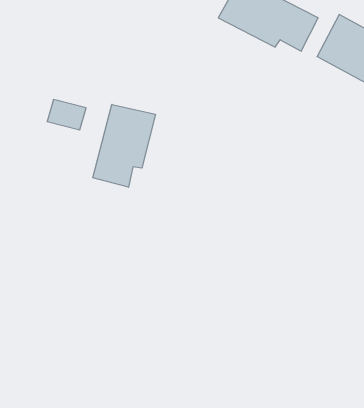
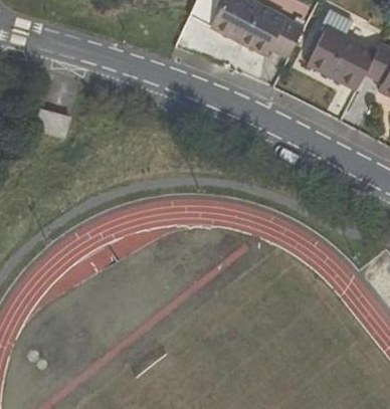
building: [93,104,155,187] -> none

